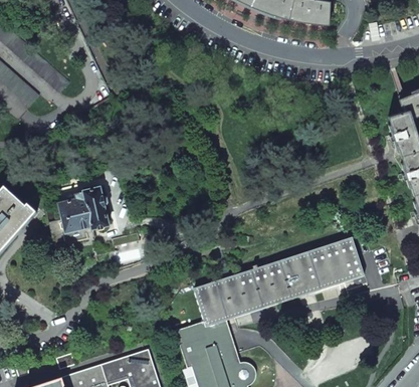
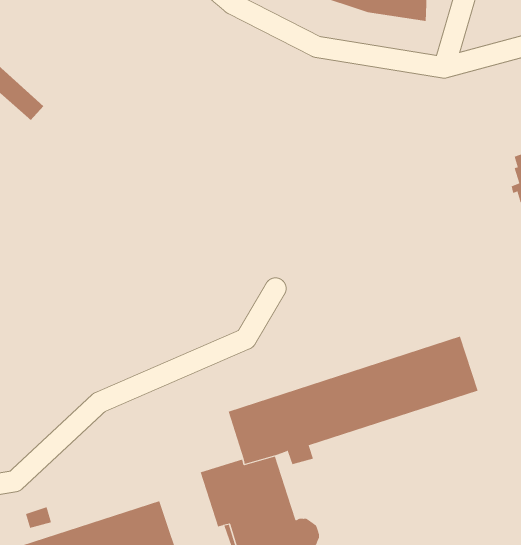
building: [48,186,109,247] -> none

